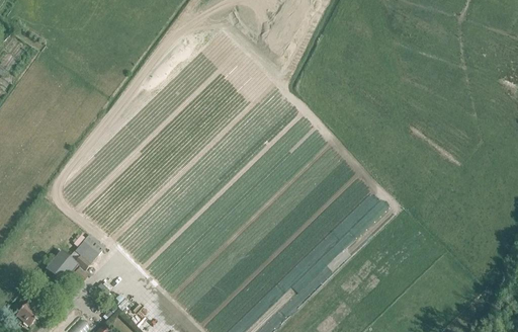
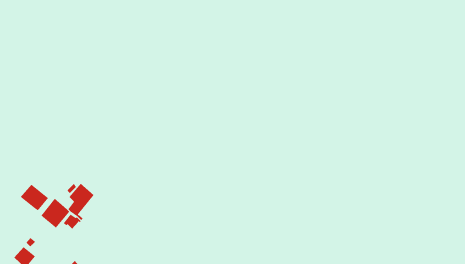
building: none -> [20,184,49,211]

